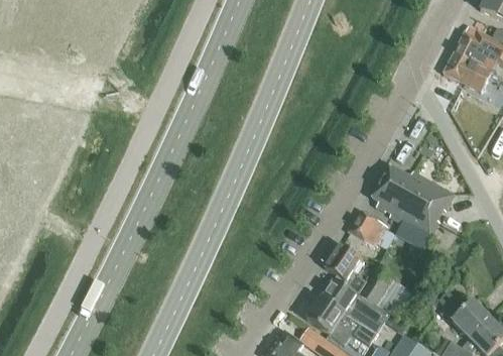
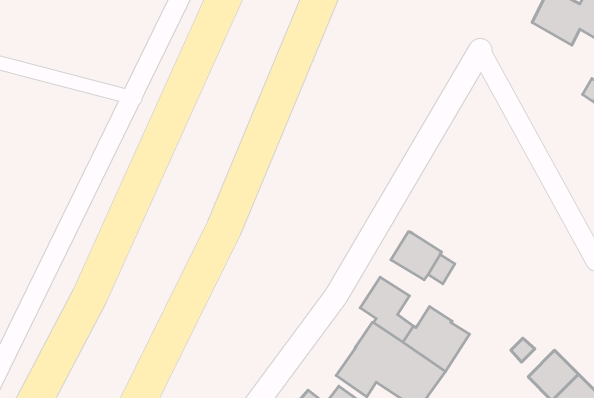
building: [443,51,490,92] -> none
building: [371,164,451,238] -> none

